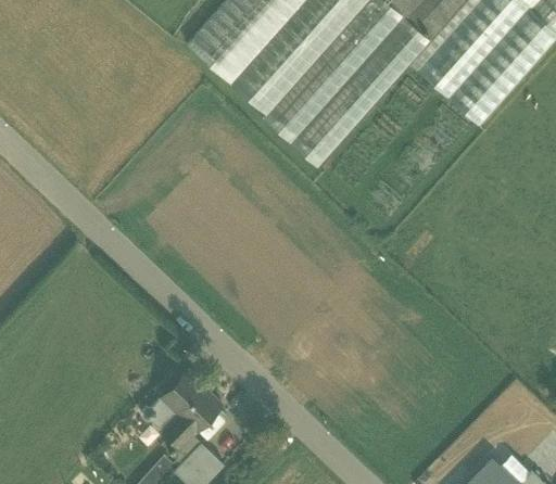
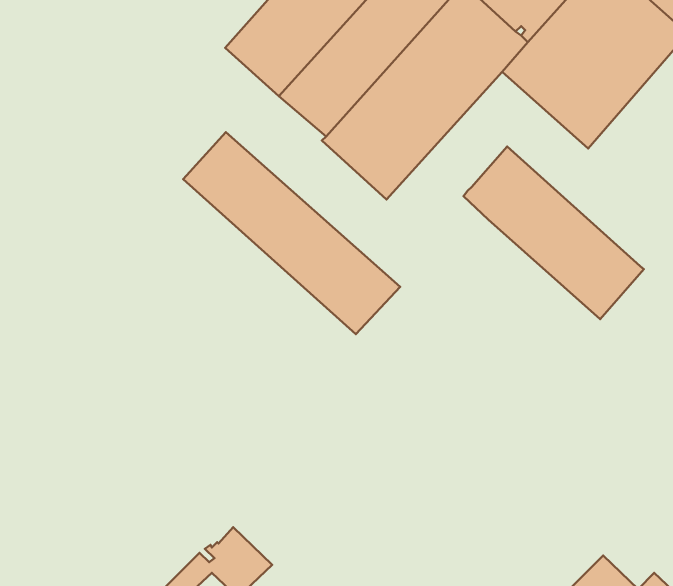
building: none -> [183,132,400,334]
building: none -> [463,147,644,319]
building: [142,370,222,446] -> none

